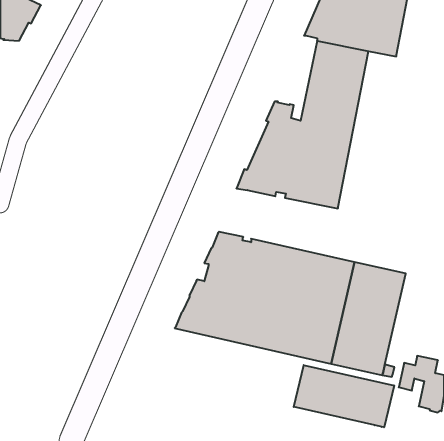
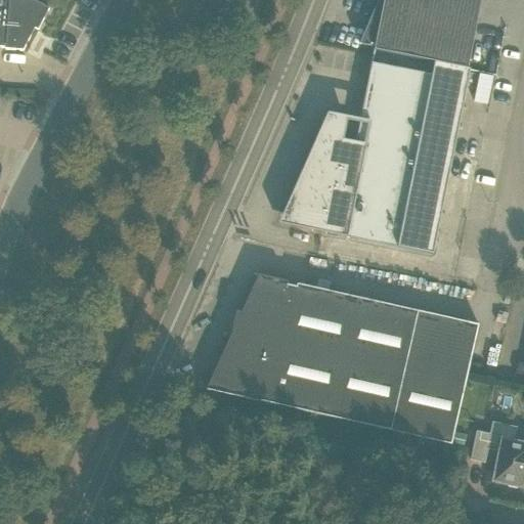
building: none -> [398,60,470,252]
building: [294,365,394,427] -> none

